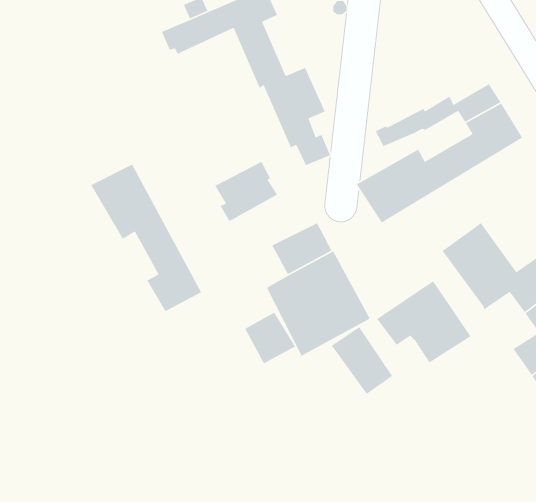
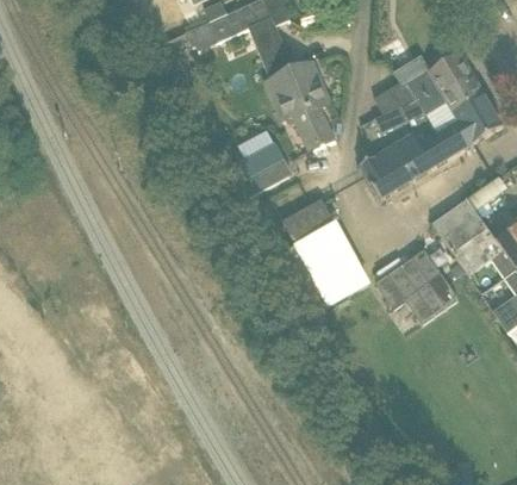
building: none -> [375,51,474,113]
building: [90,164,202,312] -> none
building: [244,311,296,364] -> none
building: [331,326,393,395] -> none

